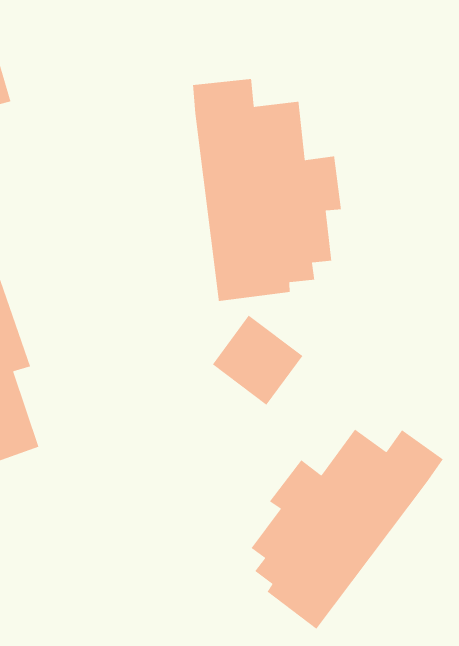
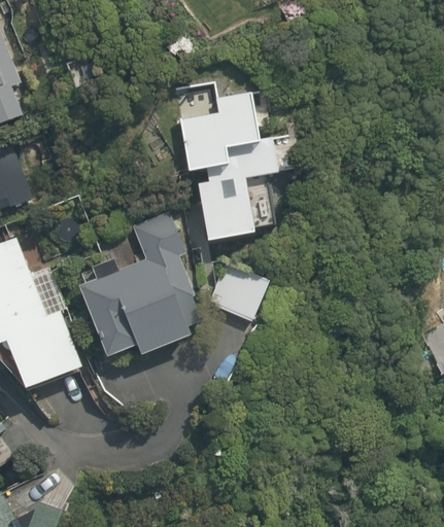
building: none -> [76,209,208,358]
building: [251,428,444,630] -> none

